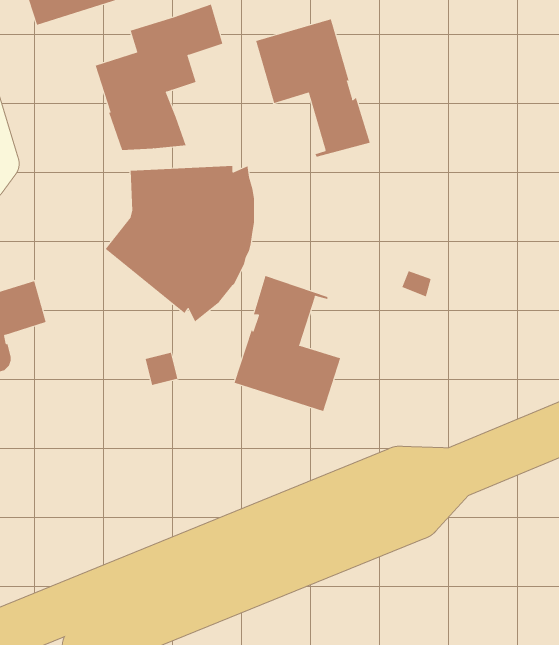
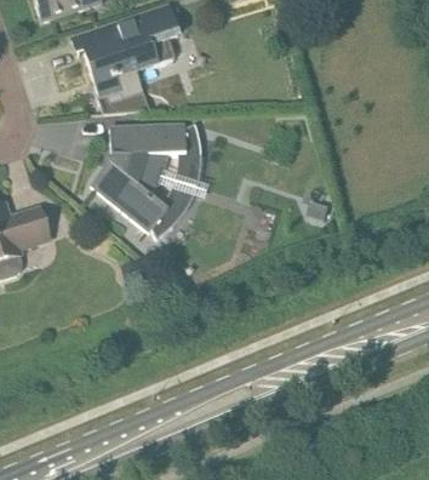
building: [256,19,370,157] -> none
building: [234,275,341,412] -> none

